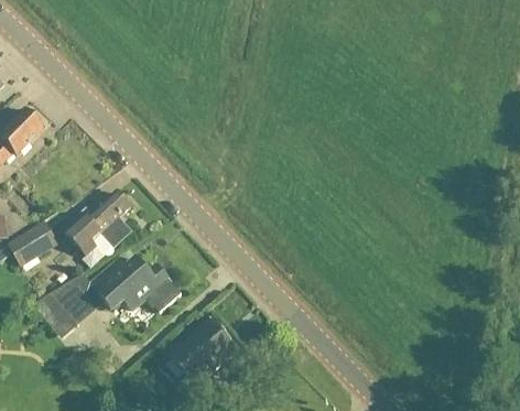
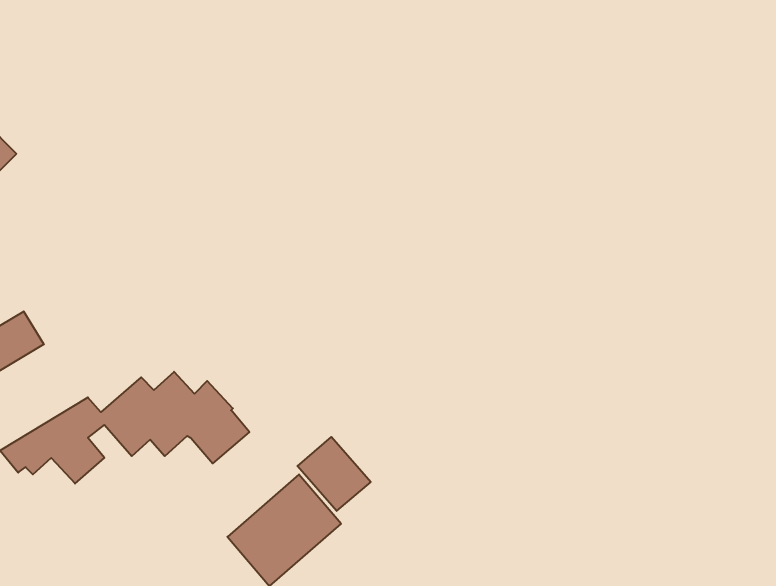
building: [63,192,130,250] -> none
building: none -> [297,437,371,511]

